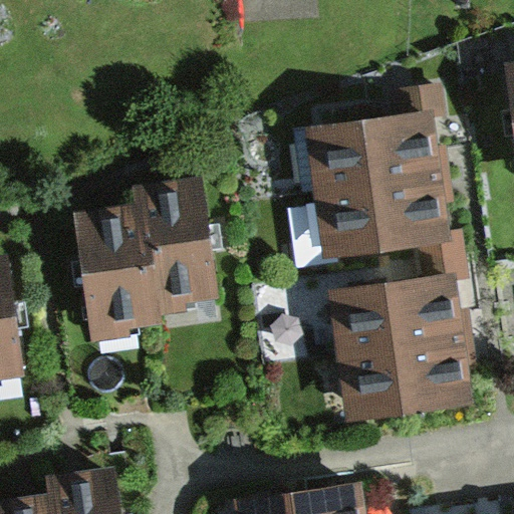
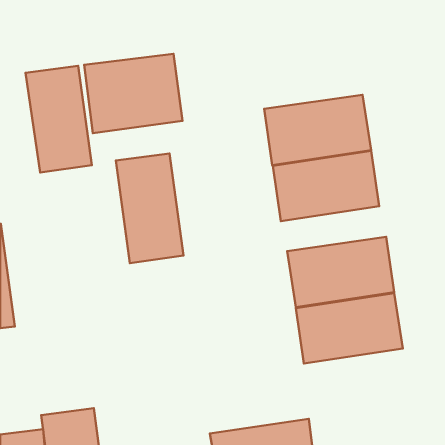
building: none -> [84,54,183,133]
building: none -> [25,66,92,173]
building: [77,204,155,329] -> none

